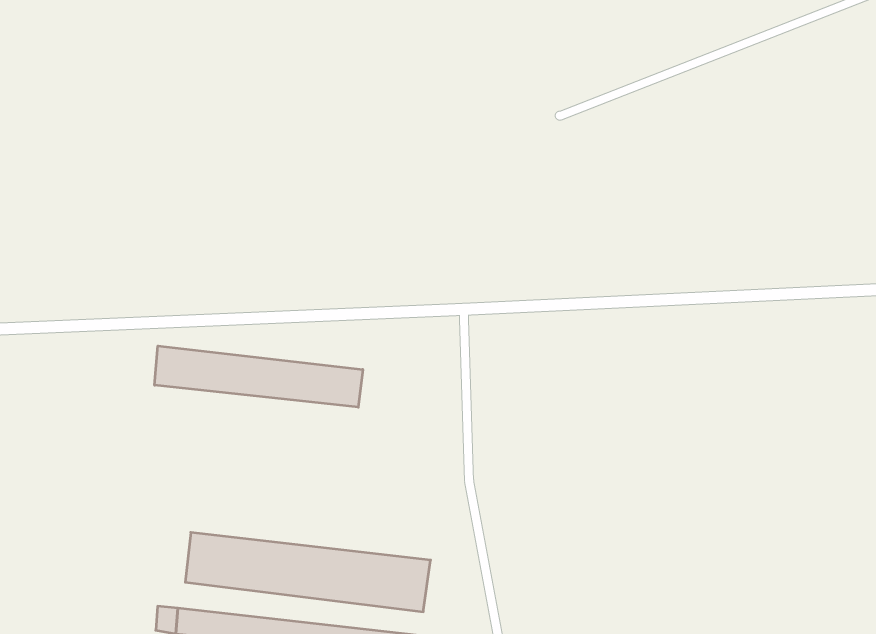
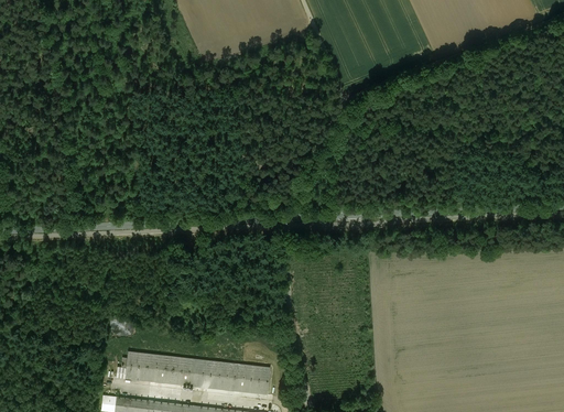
building: [155,346,363,407] -> none

